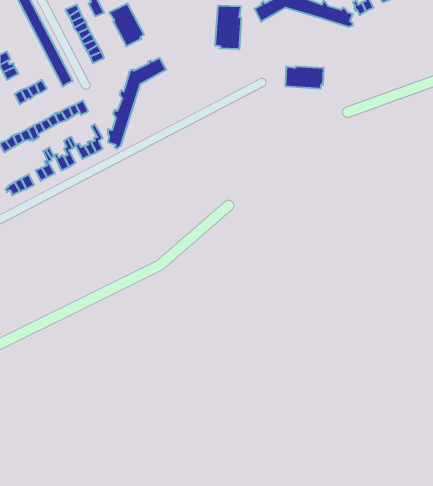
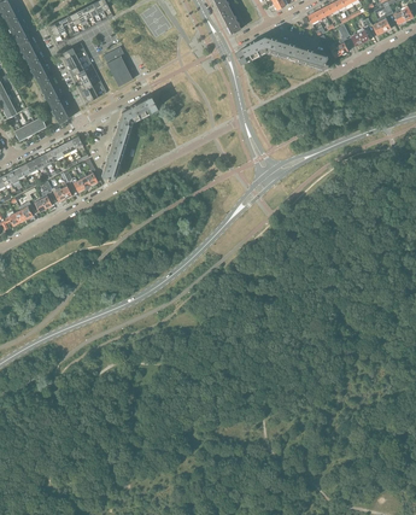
building: [215,5,241,49] -> none
building: [286,66,324,89] -> none

